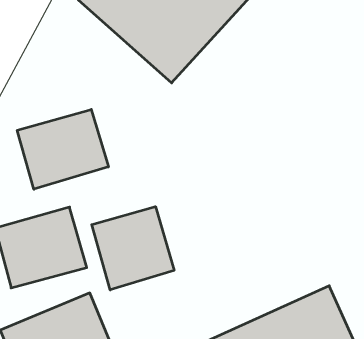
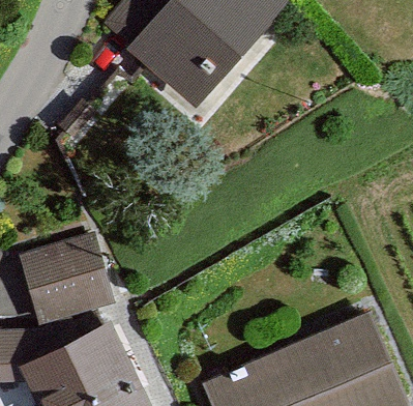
building: [17,109,108,189] -> none
building: [92,207,174,290] -> none

